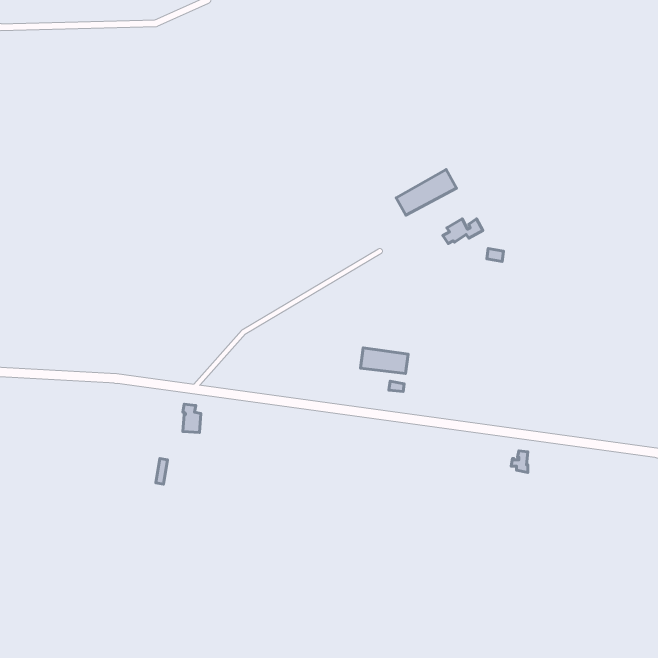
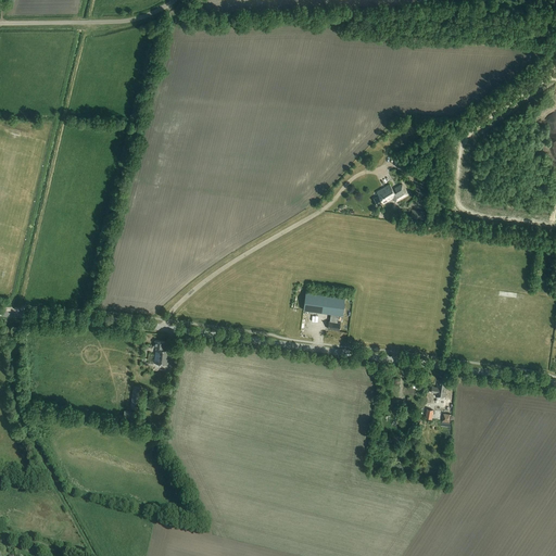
building: [396,169,456,215] -> none

